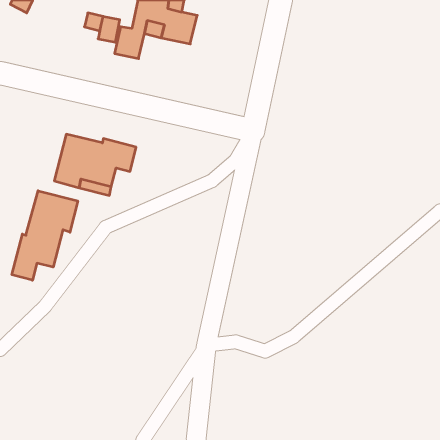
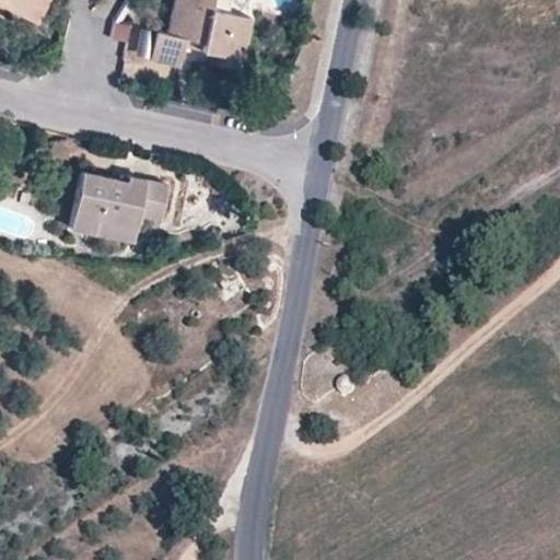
building: [12,191,78,280] -> none

